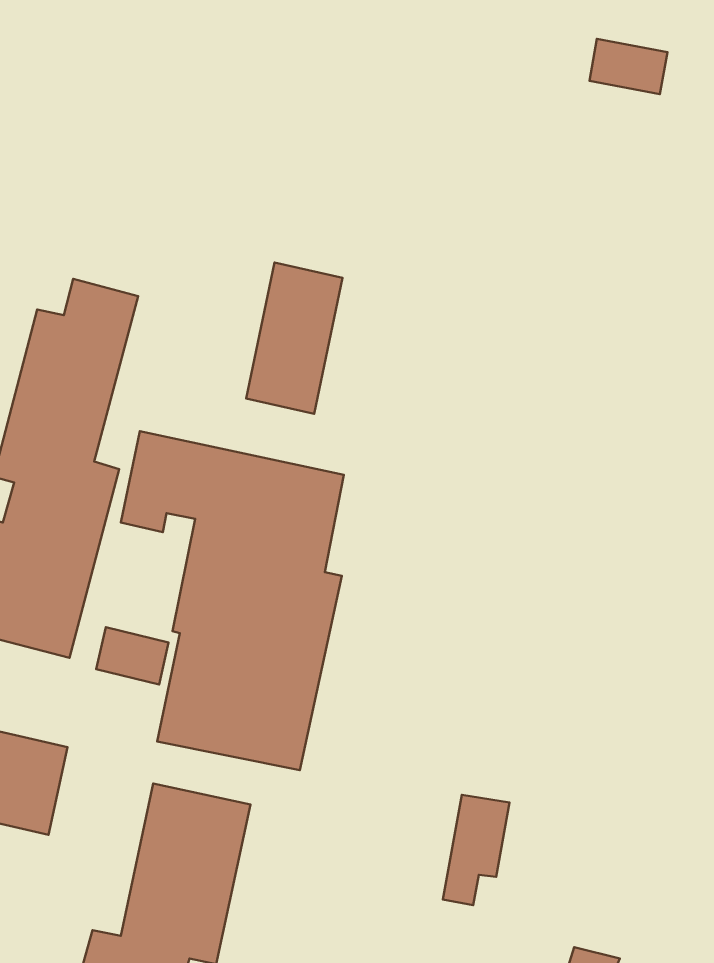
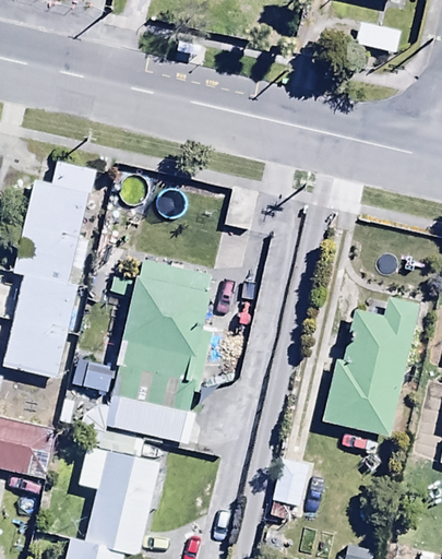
building: [246,262,342,414] -> none
building: none -> [319,298,417,436]

